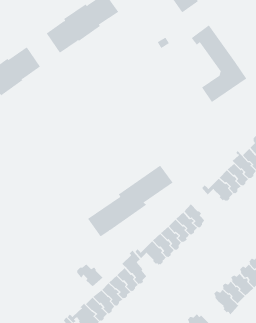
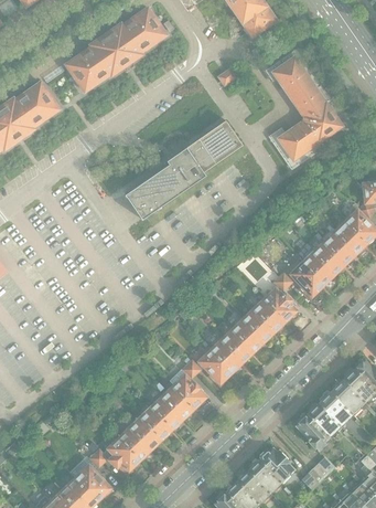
building: [87,165,173,237] -> [125,120,243,220]
building: none -> [265,276,297,320]
building: [77,264,103,287] -> none

